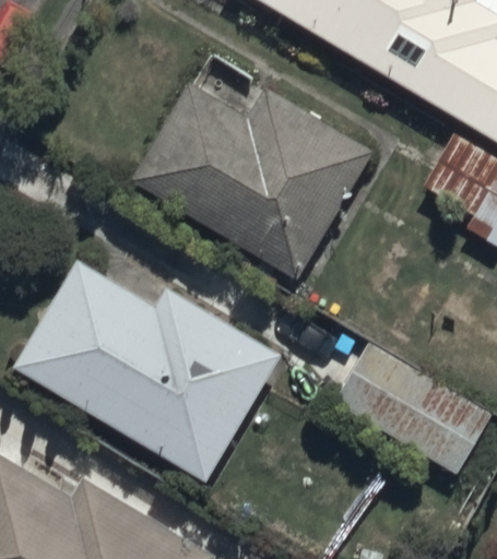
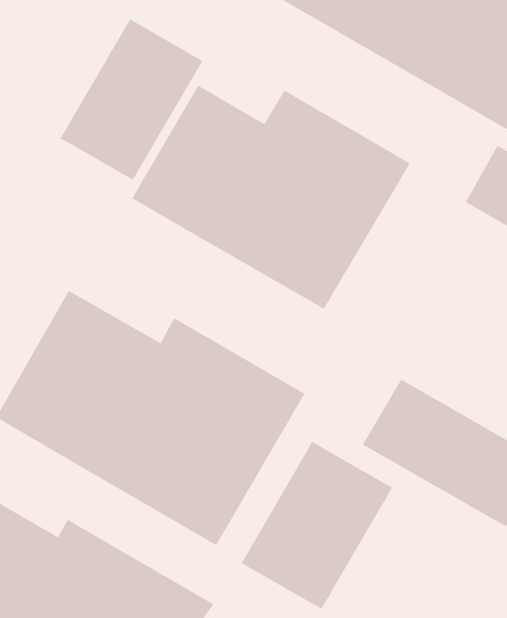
building: none -> [60,18,204,181]
building: none -> [240,441,393,610]

